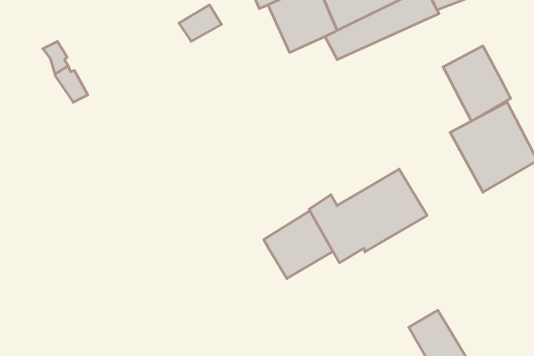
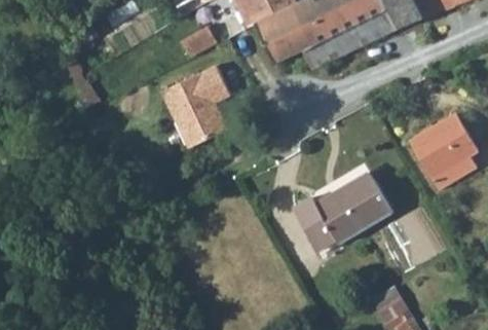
building: [443,46,511,121] -> none
building: none -> [159,64,228,147]
building: [264,211,333,279] -> none

